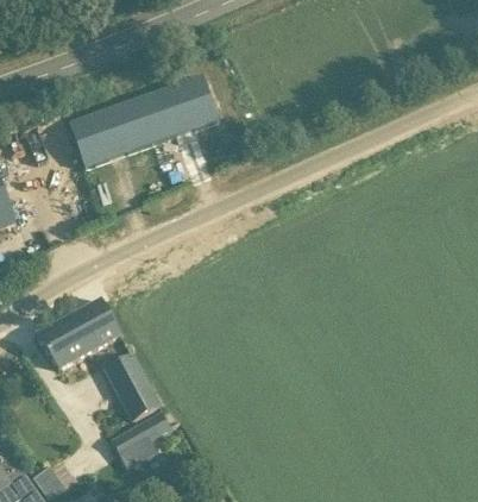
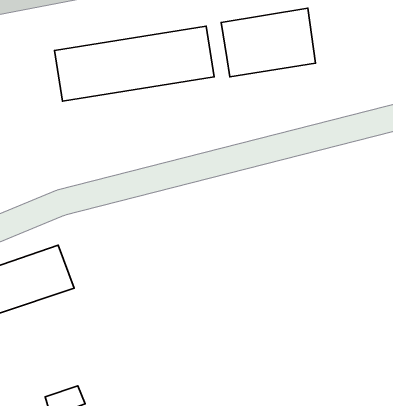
building: none -> [221,8,315,77]
building: [105,353,163,423] -> none

